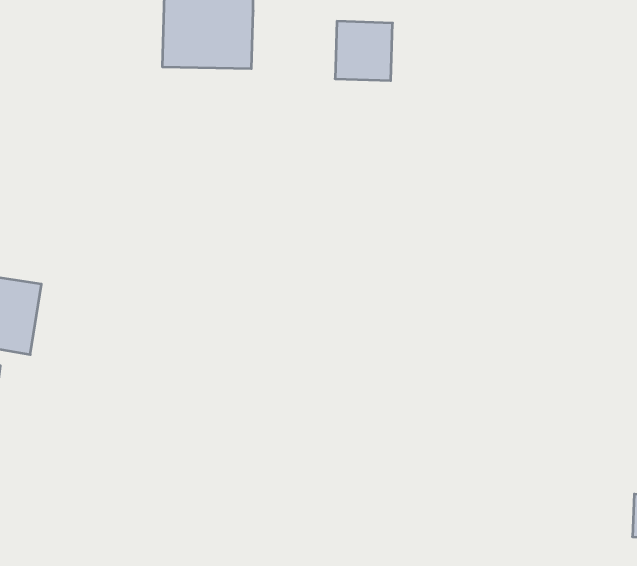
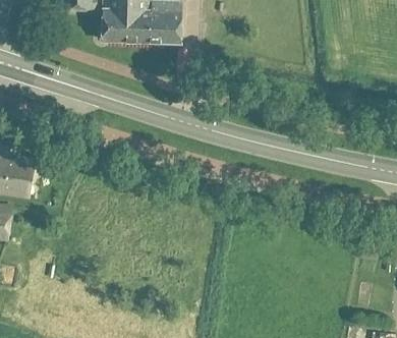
building: [335,21,393,81] -> [150,10,181,43]

